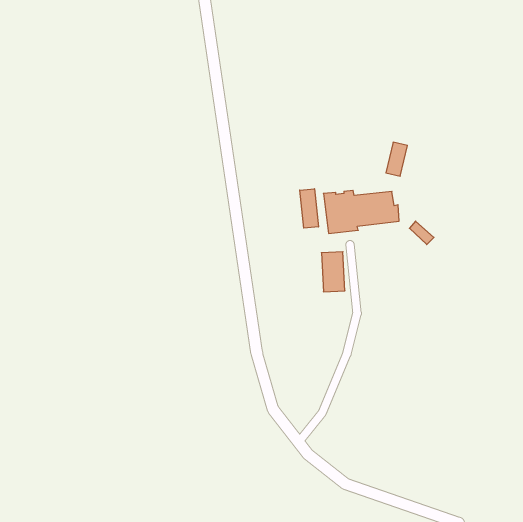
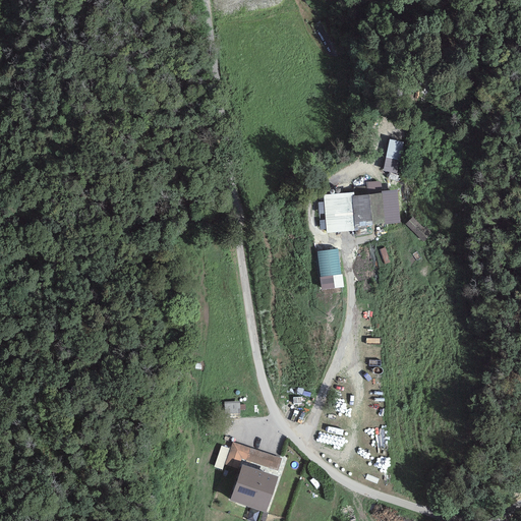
building: [300,189,318,228] -> none
building: none -> [224,443,279,509]

